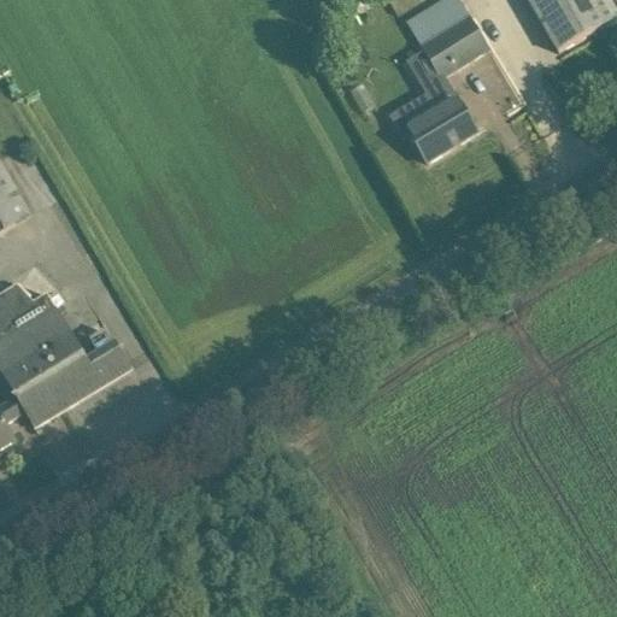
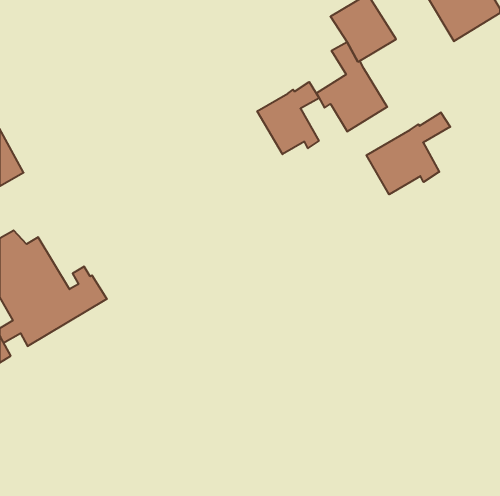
building: none -> [257,82,319,154]
building: none -> [366,112,450,194]

